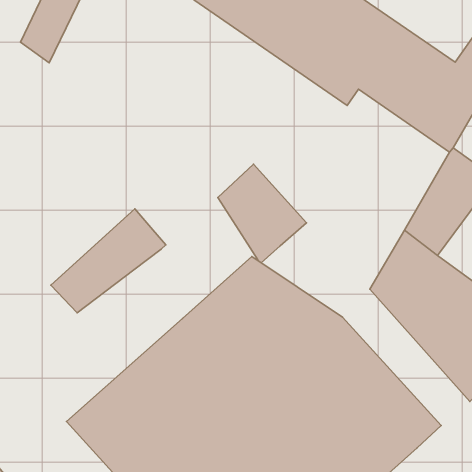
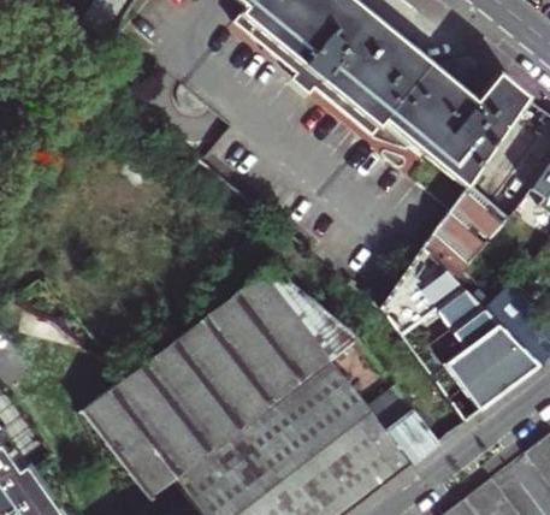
building: [218,164,307,263] -> none
building: [51,209,166,313] -> none

